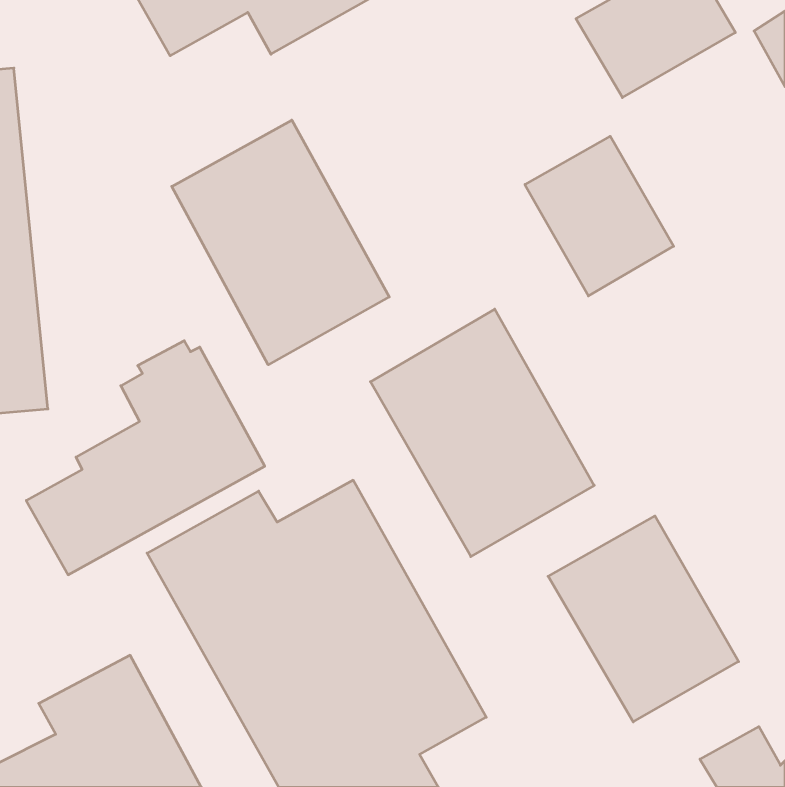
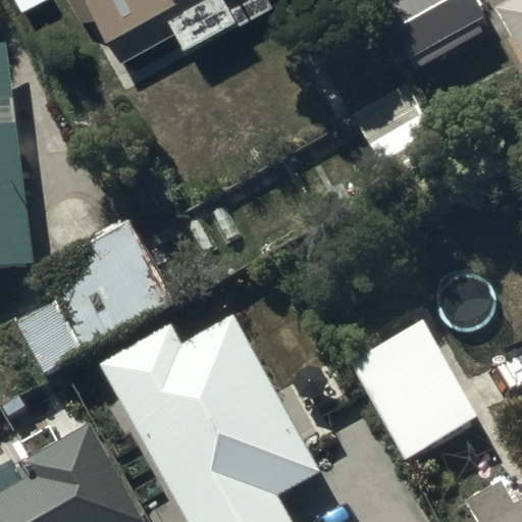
building: [172,120,389,365] -> none
building: [370,309,594,557] -> none

